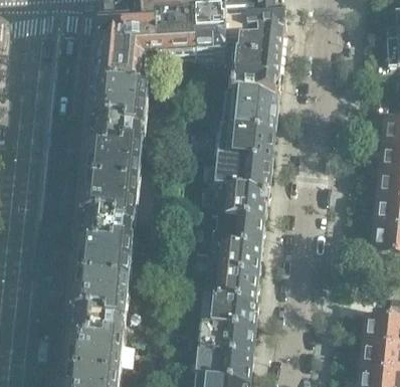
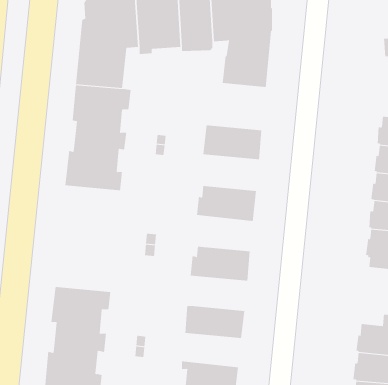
building: [221,85,278,130] -> none
building: [215,153,272,187] -> none
building: [78,182,141,282] -> none
building: [210,210,266,244] -> none
building: [205,267,261,301] -> none
building: [198,322,255,354] -> none

